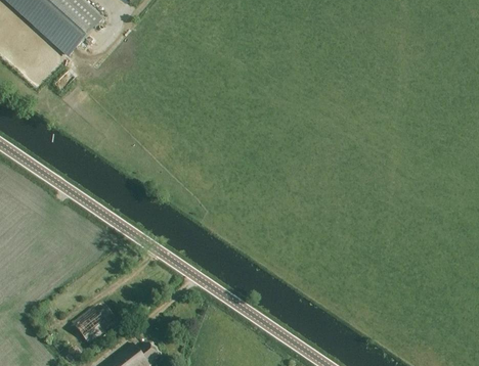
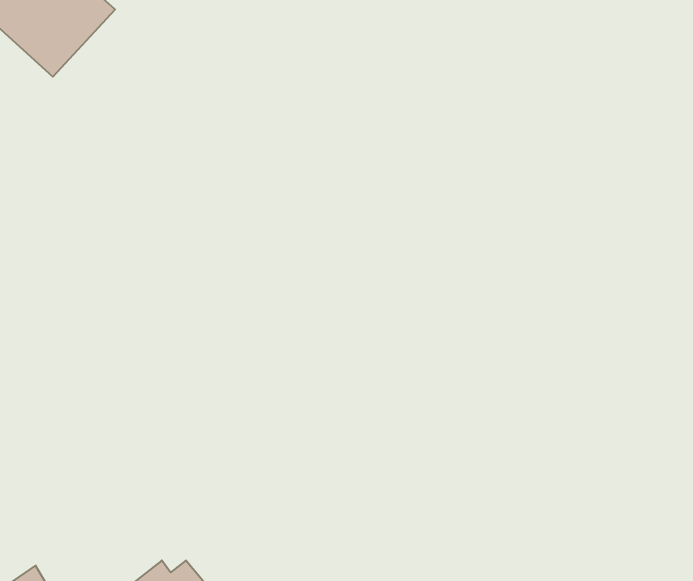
building: [71,304,120,344] -> none

